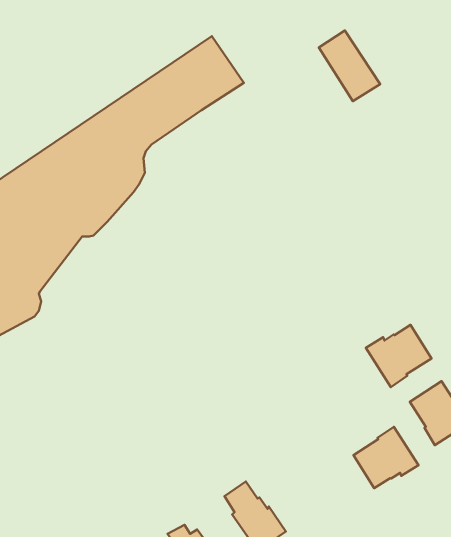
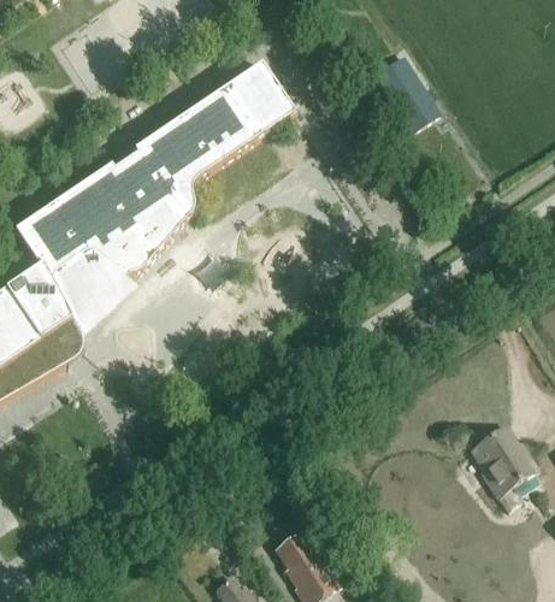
building: [366,325,432,387] -> none
building: [353,427,419,488] -> none

